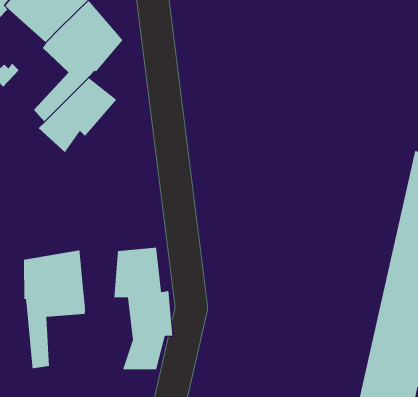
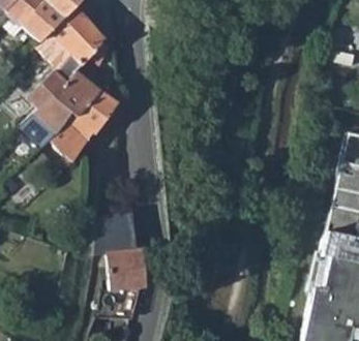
building: none -> [50,89,117,161]
building: [24,250,85,369] -> none

